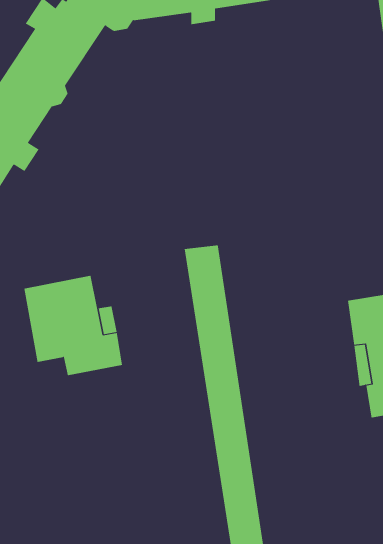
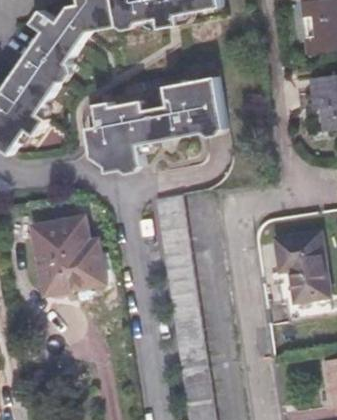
building: none -> [84,71,225,168]

